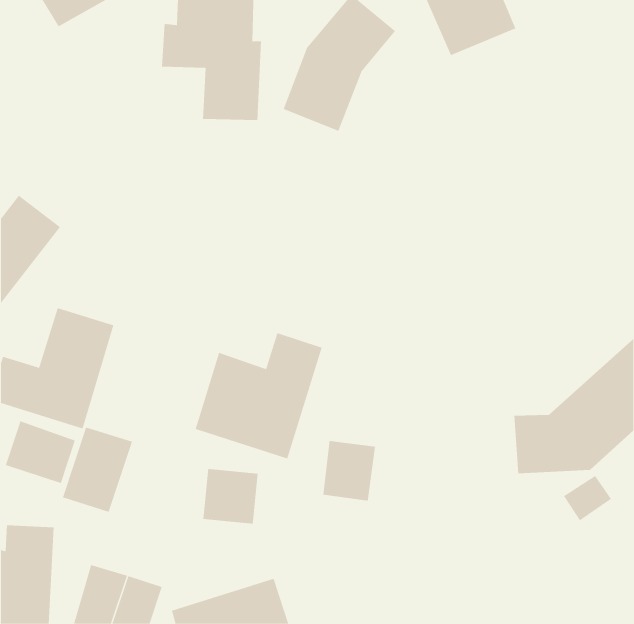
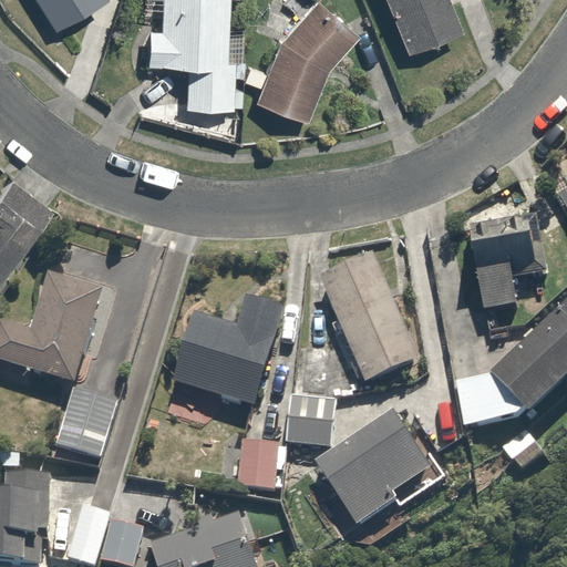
building: none -> [471,217,544,311]
building: none -> [320,257,420,385]
building: [5,421,76,484] -> none
building: none -> [315,412,440,529]
building: [203,468,258,524] -> [236,436,286,486]

